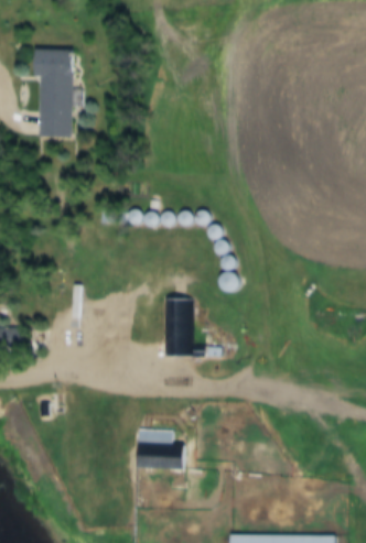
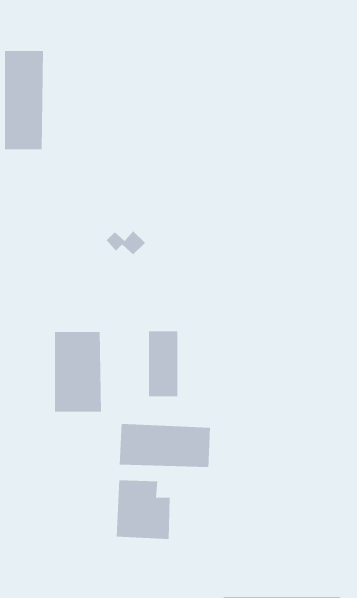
building: none -> [55,331,101,412]
building: none -> [119,423,211,468]

